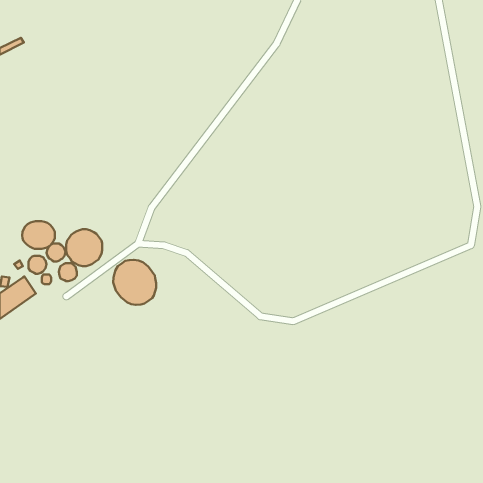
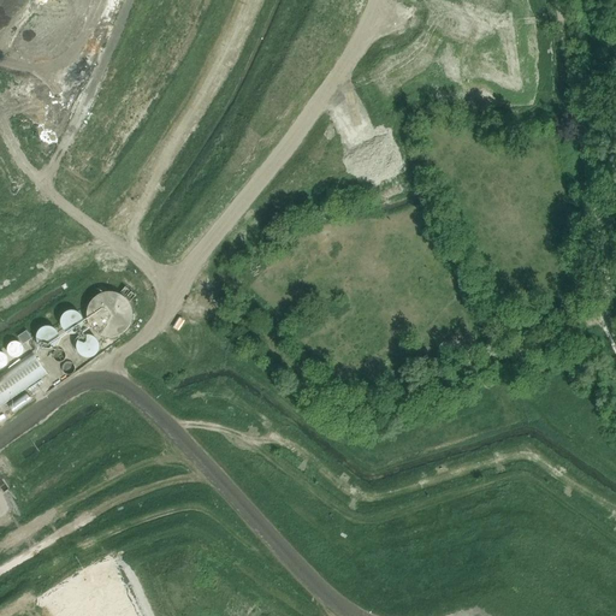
building: [22,221,55,249] -> none
building: [113,260,156,305] -> none

